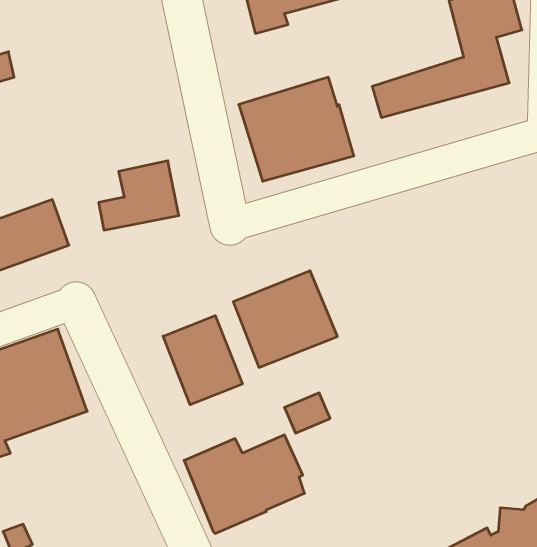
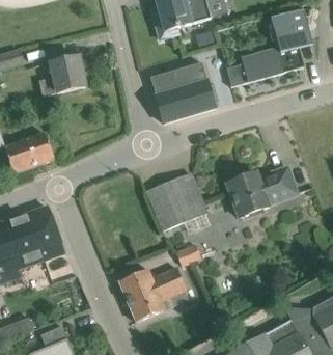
building: [99,161,179,230] -> [39,55,85,94]
building: none -> [227,166,297,216]
building: [163,316,242,405] -> none

